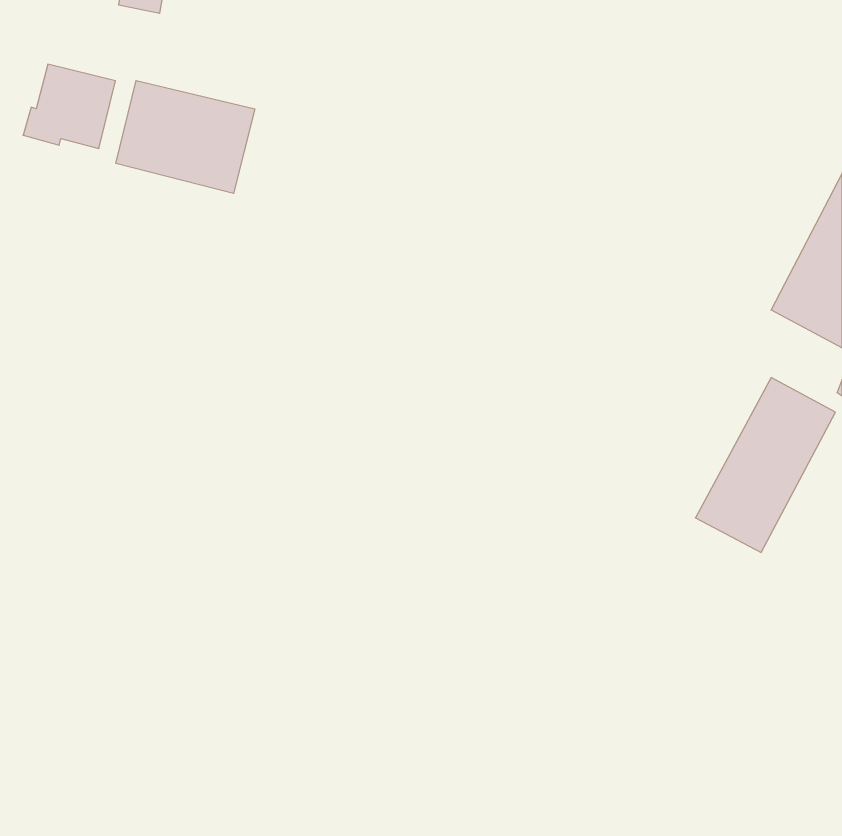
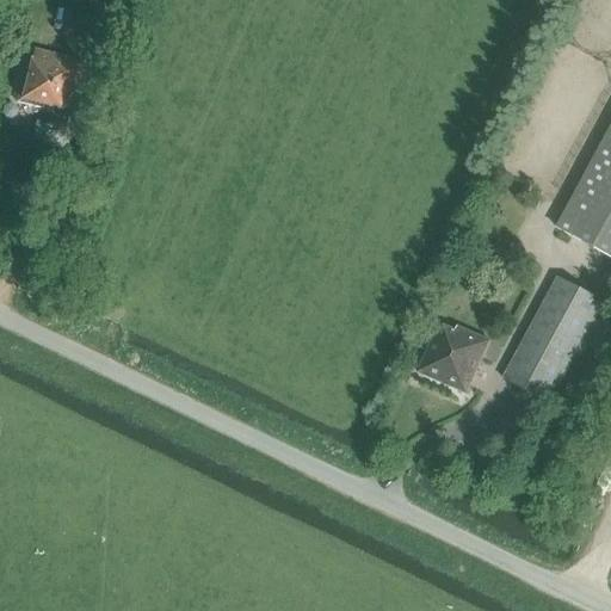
building: [116,80,255,193] -> none
building: none -> [419,320,490,389]

